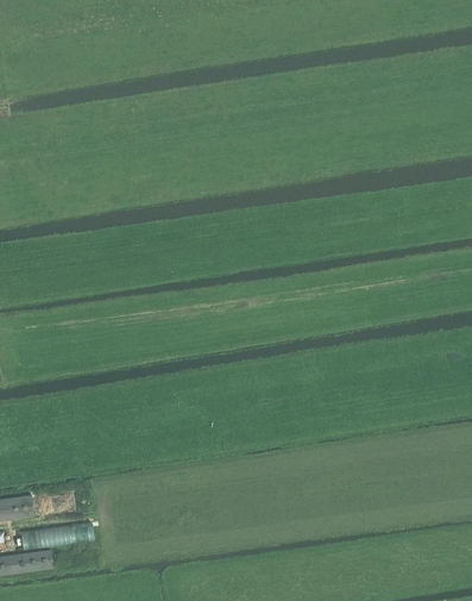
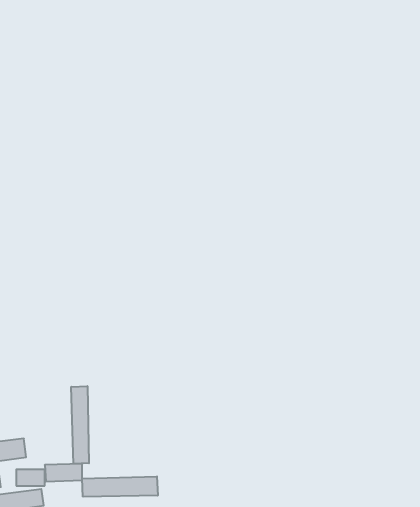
building: none -> [71,386,89,464]
building: none -> [82,476,158,497]

